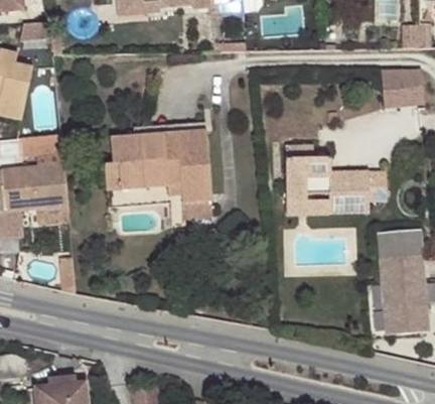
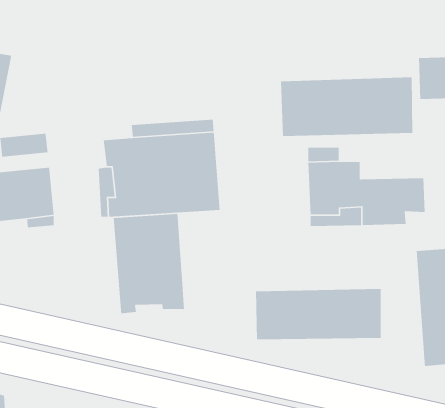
building: none -> [280,76,413,137]
building: none -> [113,213,185,314]
building: none -> [255,288,381,340]

